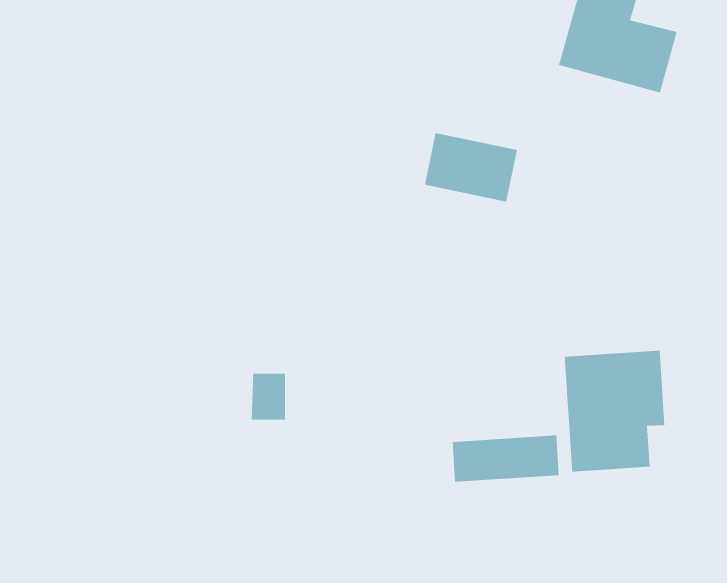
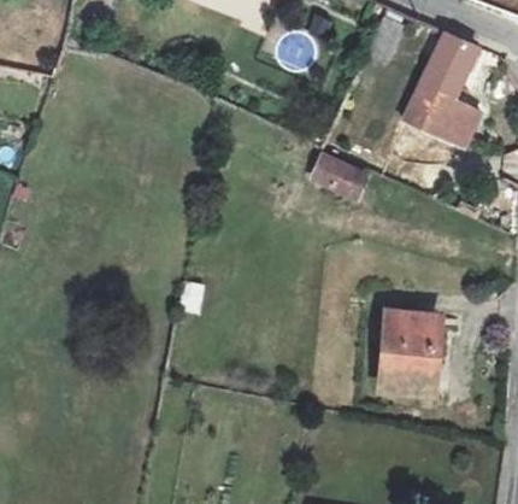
building: [452,435,559,483] -> none

